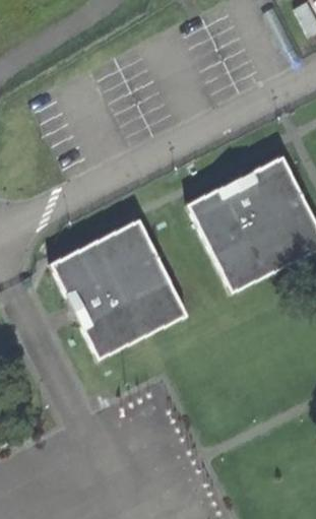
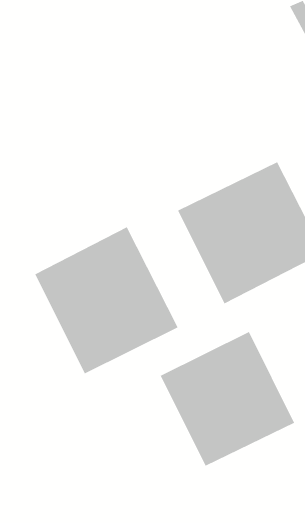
building: none -> [160,331,295,466]

